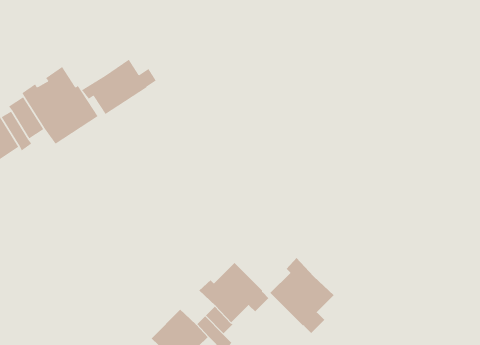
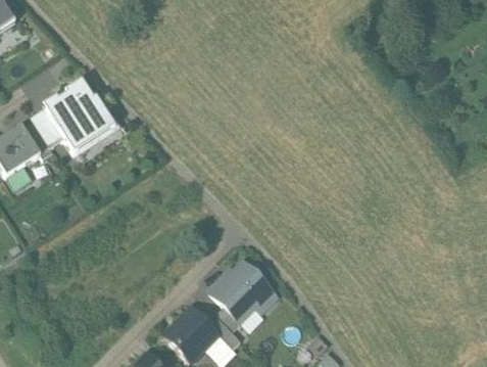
building: [81,59,157,115] -> none
building: [270,257,334,334] -> none

